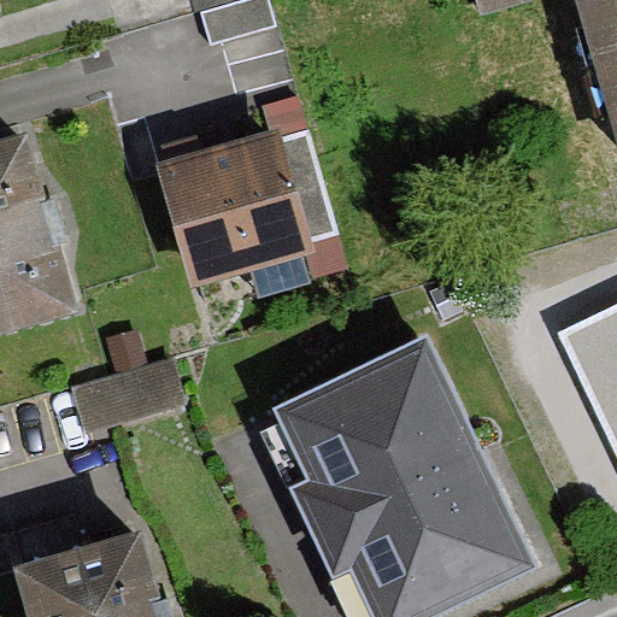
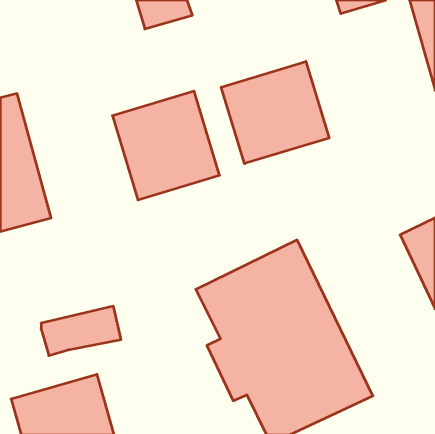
building: none -> [221,61,329,164]
building: [74,357,187,427] -> [41,306,121,356]

